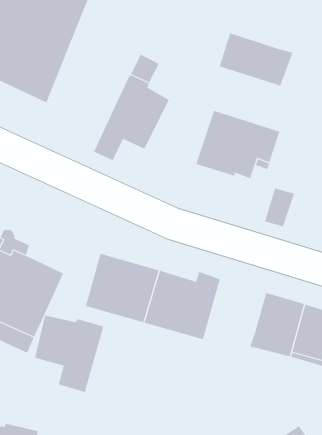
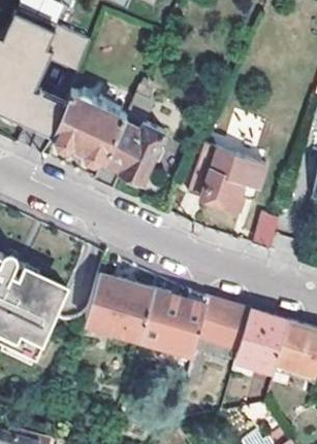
building: [219,33,293,87] -> none
building: none -> [50,93,124,162]
building: none -> [185,300,250,384]
building: [34,315,103,393] -> none

